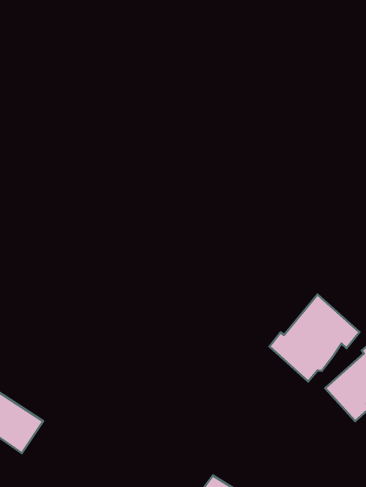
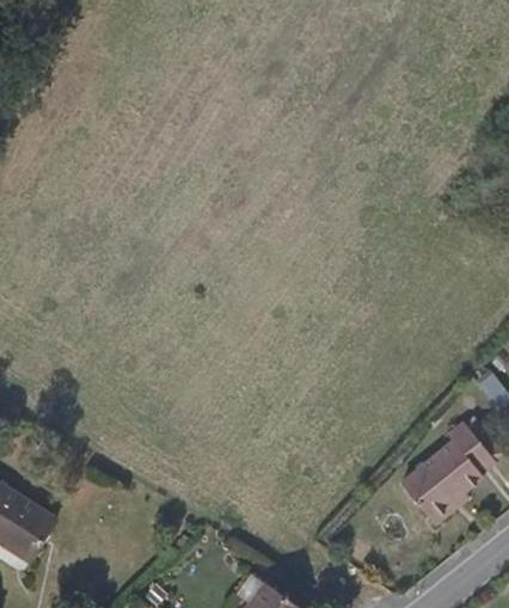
building: [270,295,359,381] -> none

